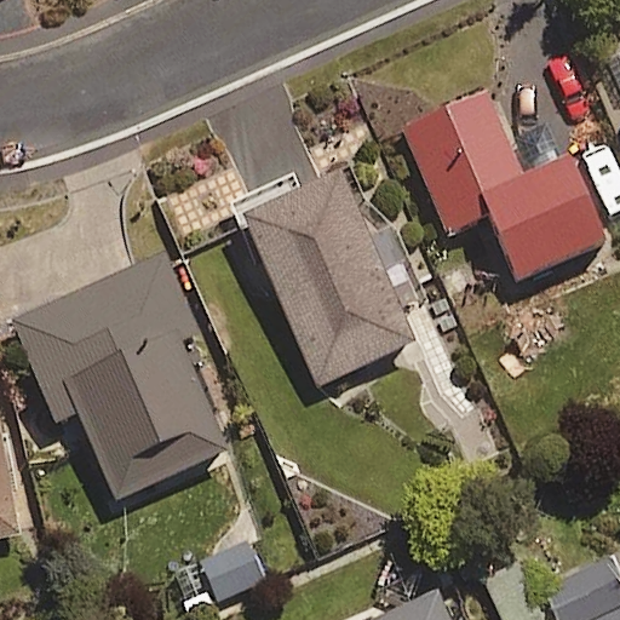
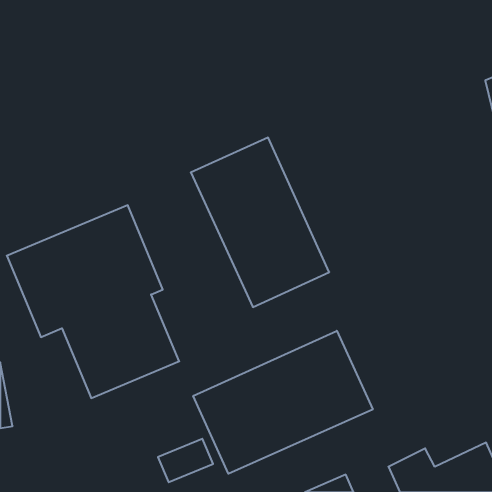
building: [403,91,607,279] -> none
building: none -> [193,331,373,474]

